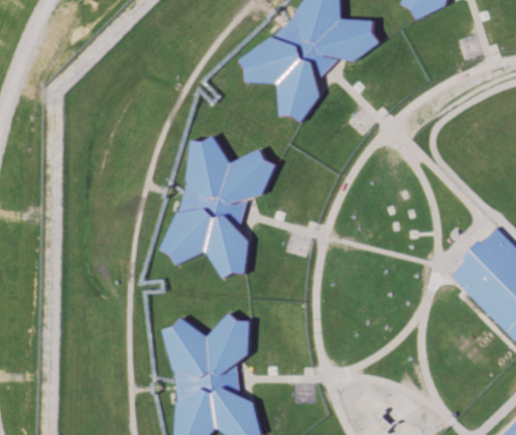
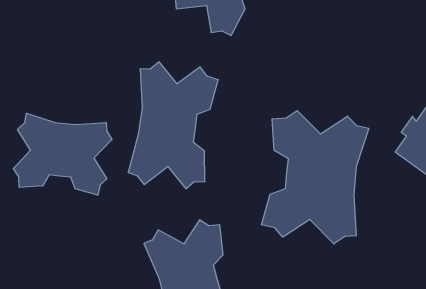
building: none -> [13,113,112,195]
building: none -> [262,111,369,244]

